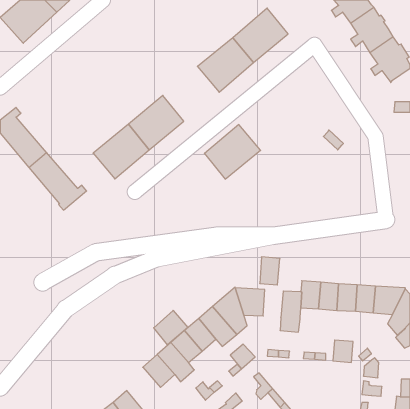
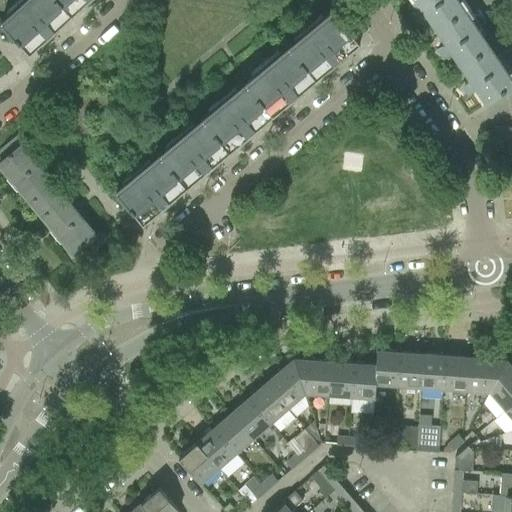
building: [204,125,261,179] -> [203,84,273,152]
building: [260,257,280,285] -> [328,362,353,397]
building: [154,310,188,345] -> none

